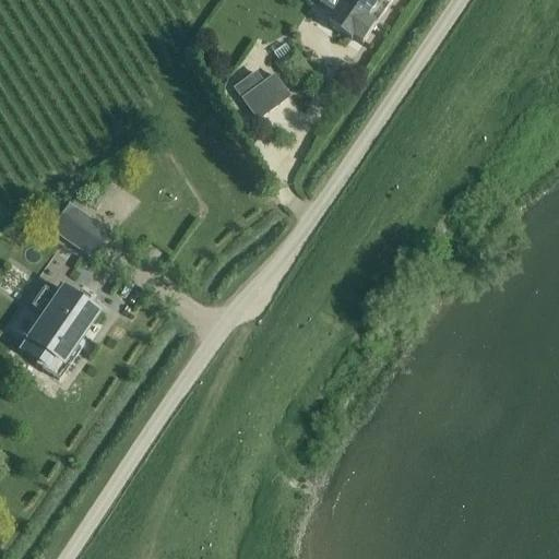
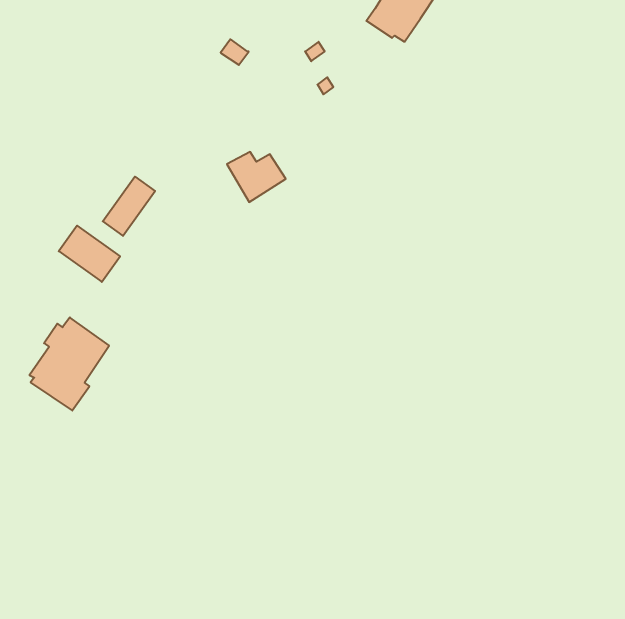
building: [237,73,289,118] -> [227,152,286,202]
building: none -> [103,177,155,236]

